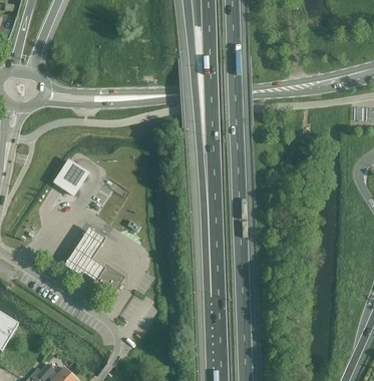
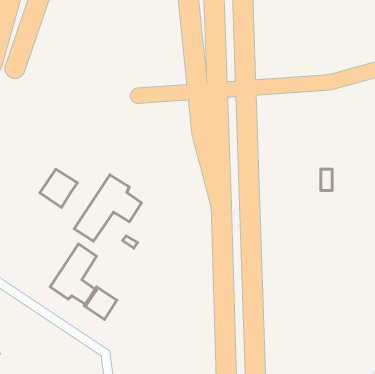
building: none -> [74,175,141,241]

